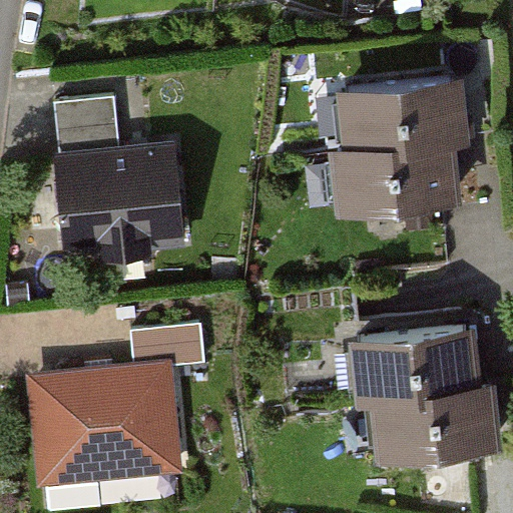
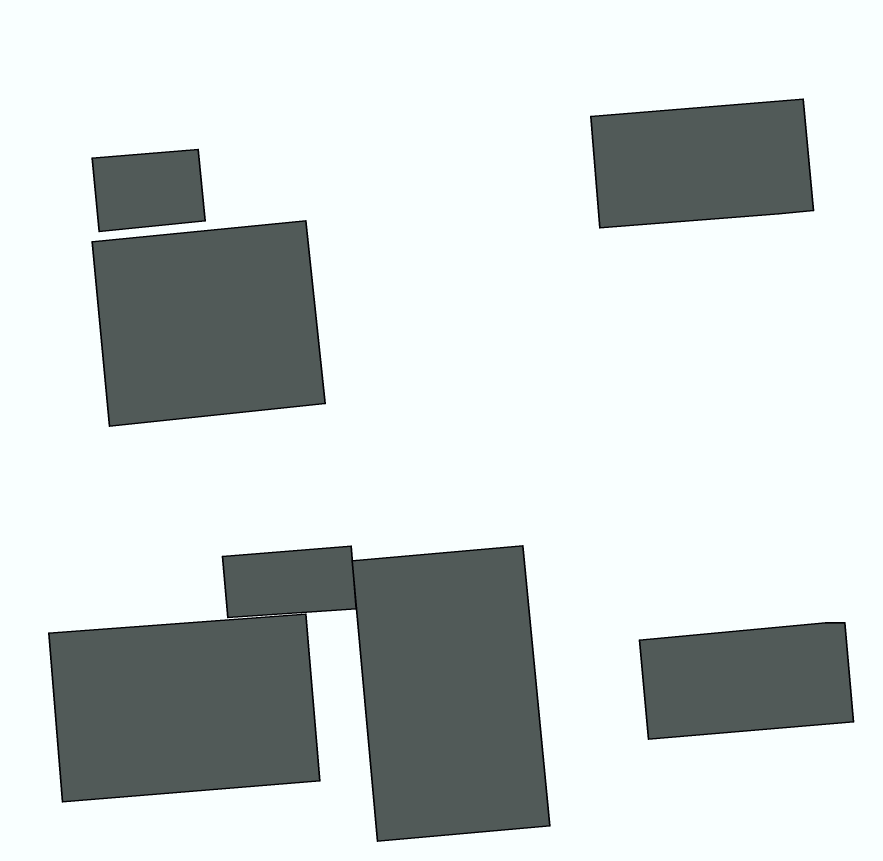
building: [331,139,453,200] -> none
building: [349,322,476,386] -> none
building: none -> [352,546,550,841]

